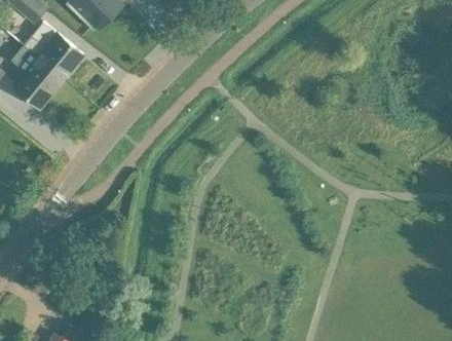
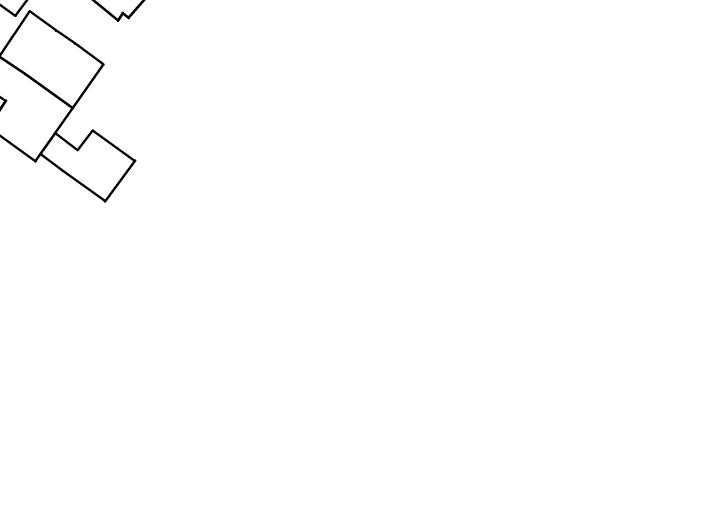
building: none -> [41,131,135,201]

